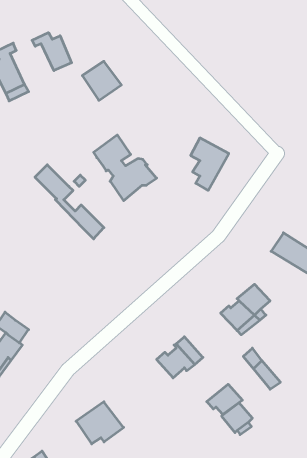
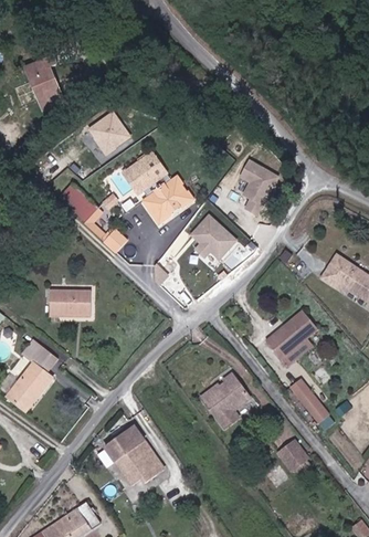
building: [32,33,72,71] -> none
building: [82,61,121,100] -> [86,110,128,152]
building: none -> [187,211,234,257]
building: none -> [50,294,91,318]
building: [207,384,242,415] -> none
building: none -> [103,424,144,461]

